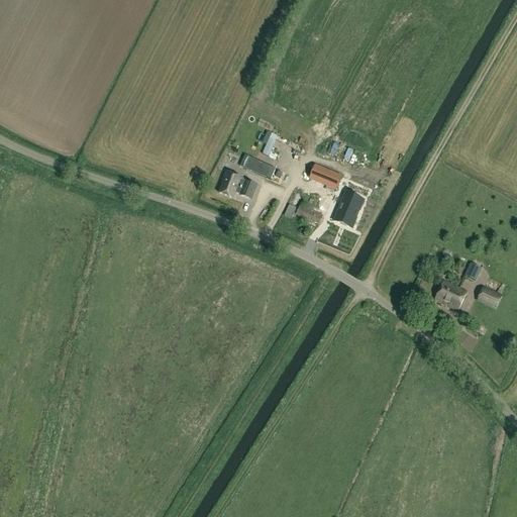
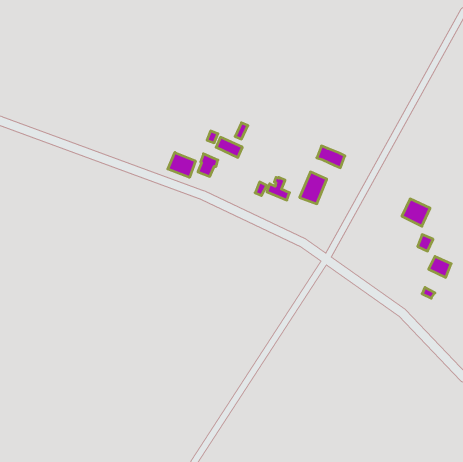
building: [311,164,342,188] -> [317,146,345,168]
building: none -> [168,152,195,177]
building: [436,280,468,310] -> [402,199,430,226]

